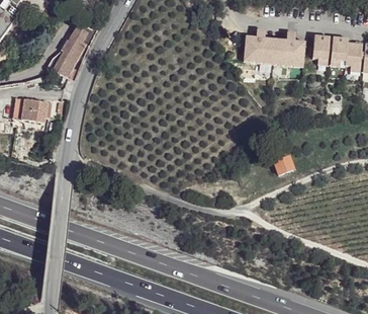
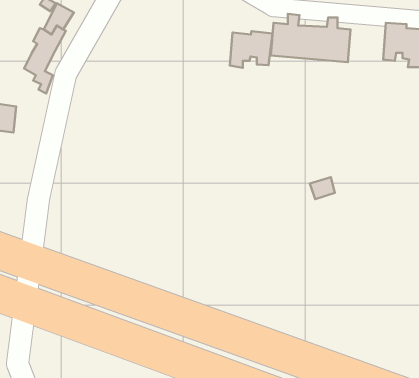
building: [314,36,331,66] -> none
building: none -> [230,31,272,68]

